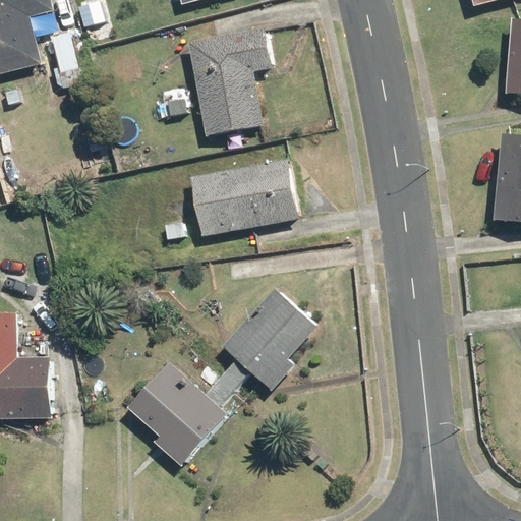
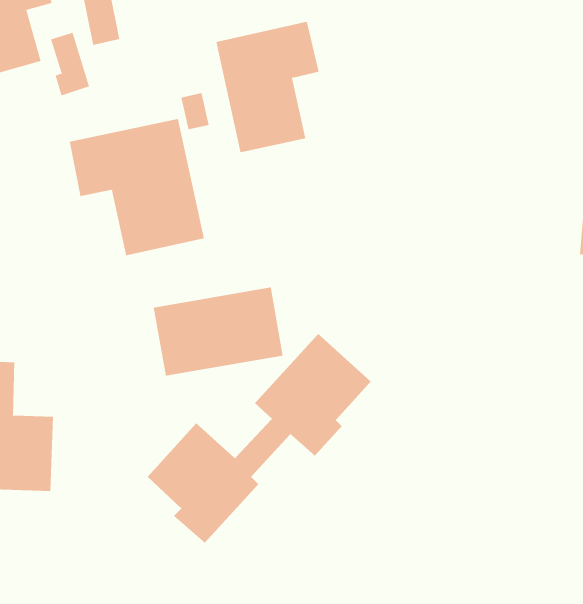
building: none -> [69,118,205,256]
building: [189,160,299,235] -> [153,287,283,376]

